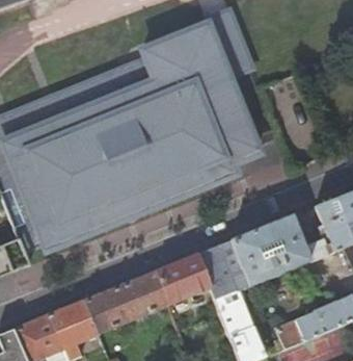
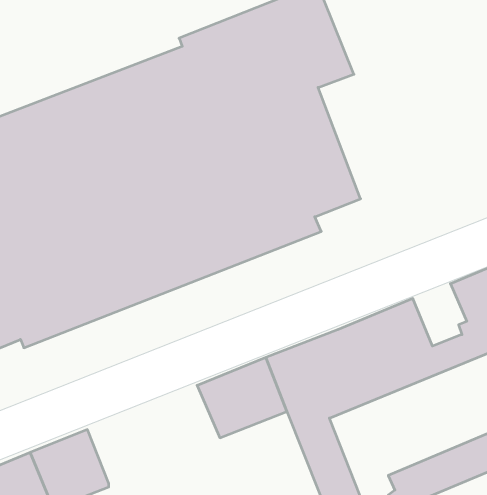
building: [86,270,170,333] -> none

